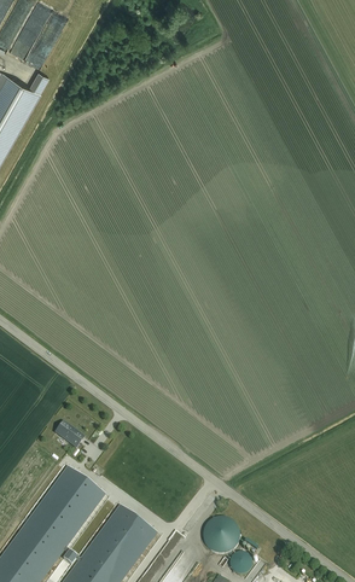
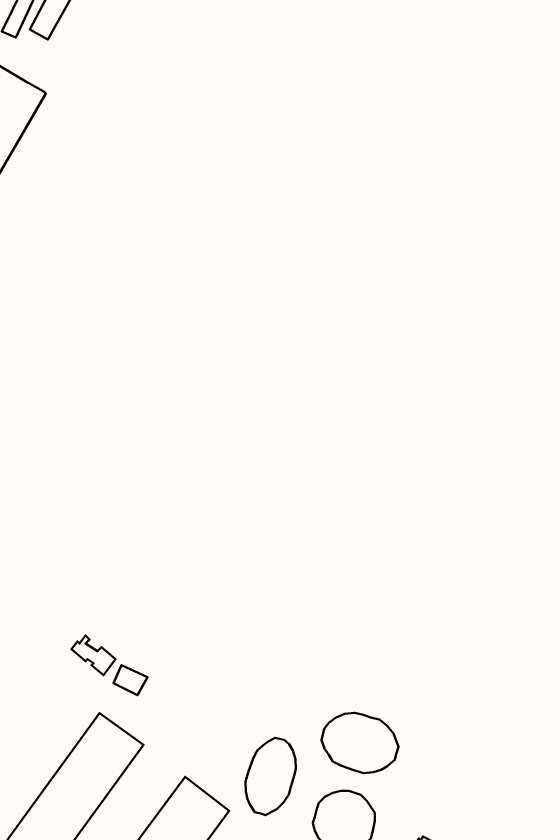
building: none -> [321,713,399,773]
building: none -> [246,738,296,815]

